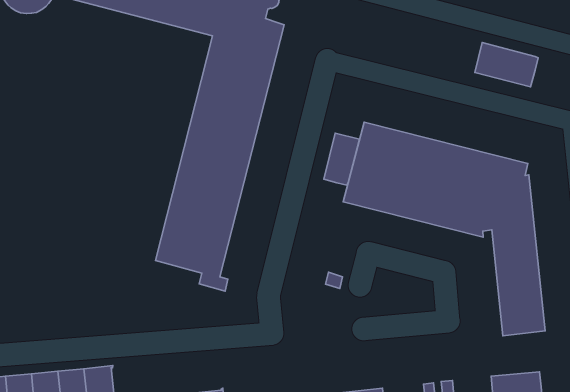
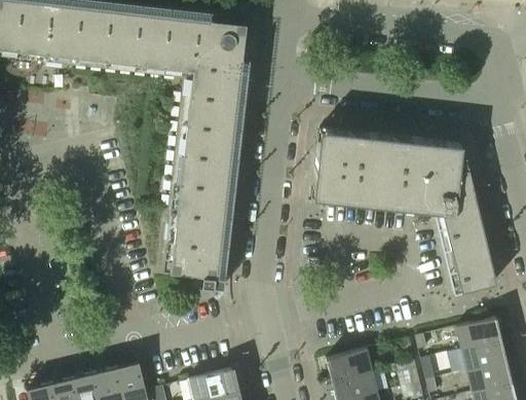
building: [475,42,538,87] -> none
building: [324,133,360,185] -> none

